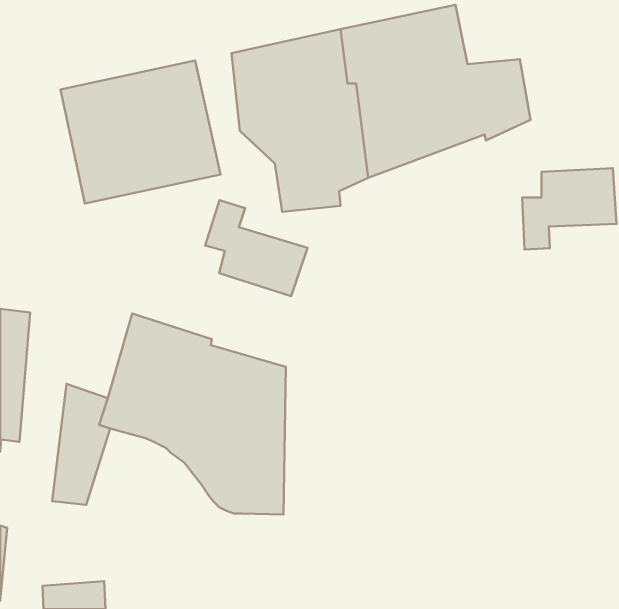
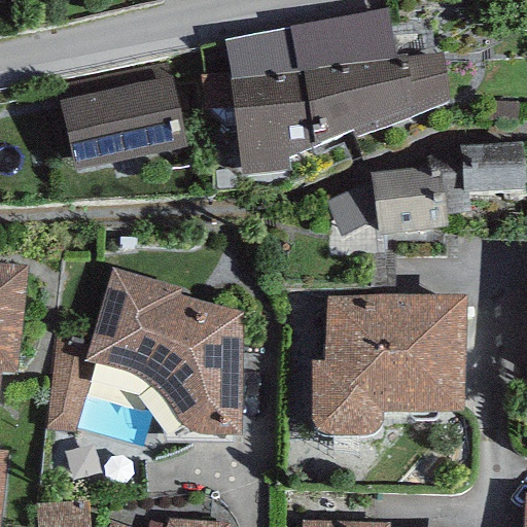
building: none -> [326,168,448,236]
building: [205,200,307,296] -> none
building: none -> [309,295,467,438]

